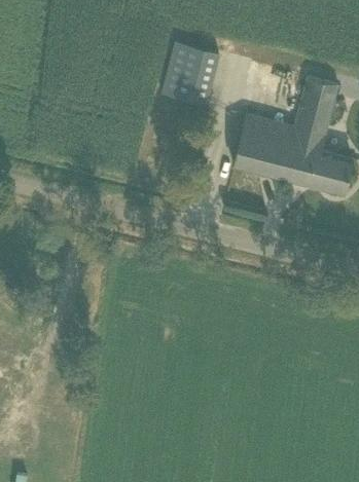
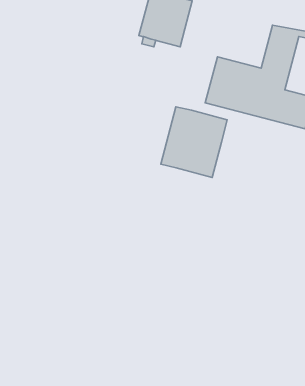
building: none -> [161,107,227,177]

